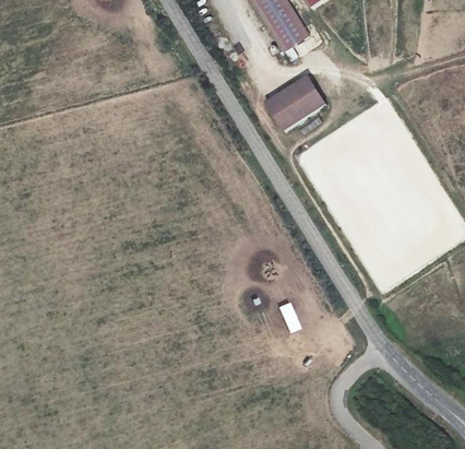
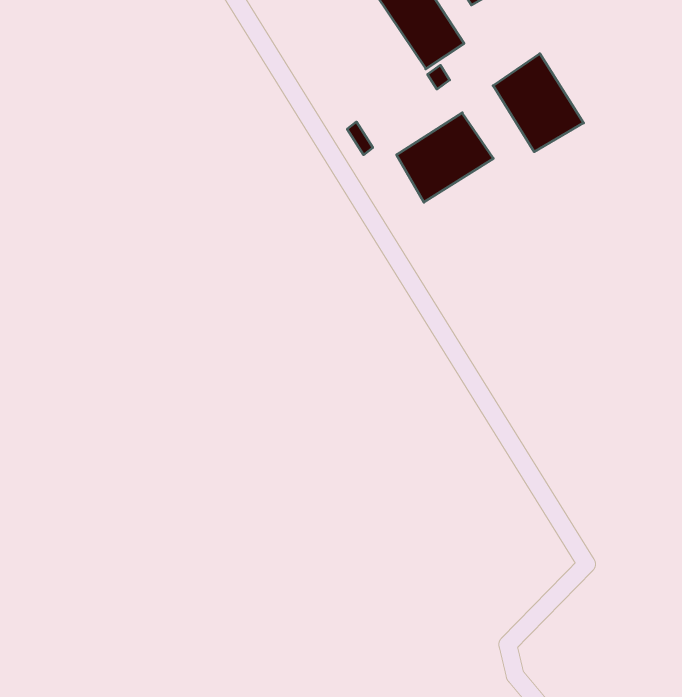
building: none -> [493,54,584,152]

